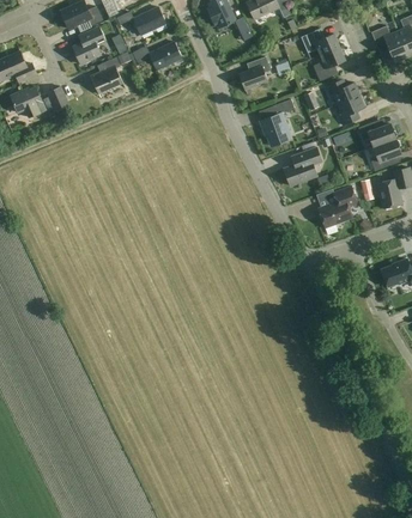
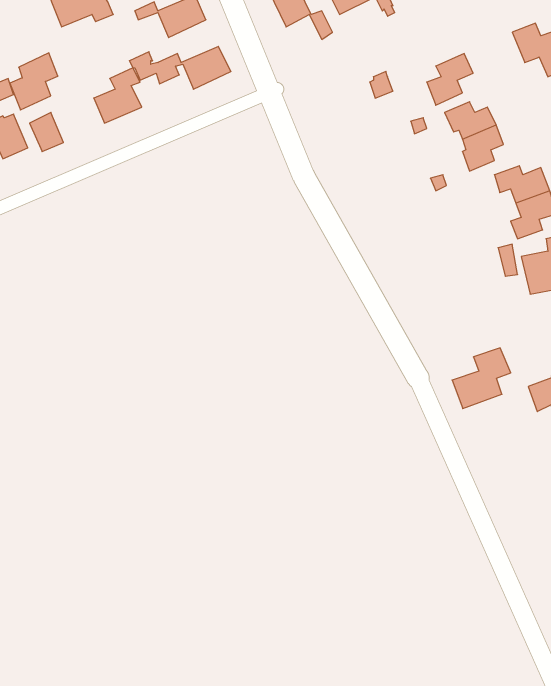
building: [73,25,105,63] -> [10,53,58,110]
building: [301,28,339,54] -> none
building: [240,56,271,89] -> none
building: [260,98,295,145] -> none
building: [284,146,322,185] -> none
building: [319,185,358,226] -> [452,348,511,409]

